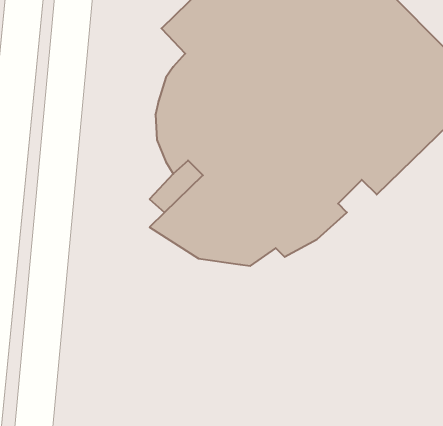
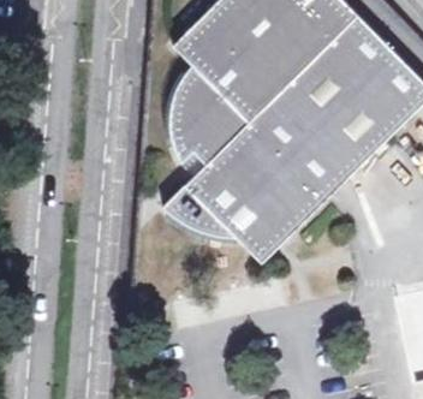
building: none -> [237,168,347,263]

